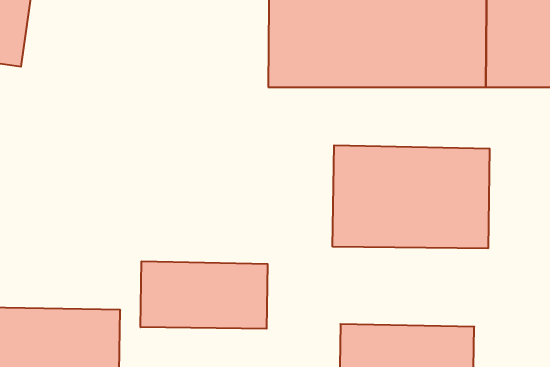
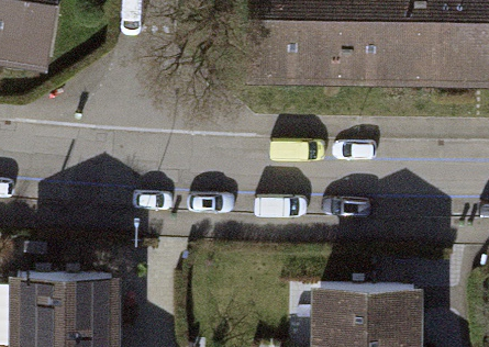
building: [333,145,490,248] -> none
building: [141,261,268,329] -> none

